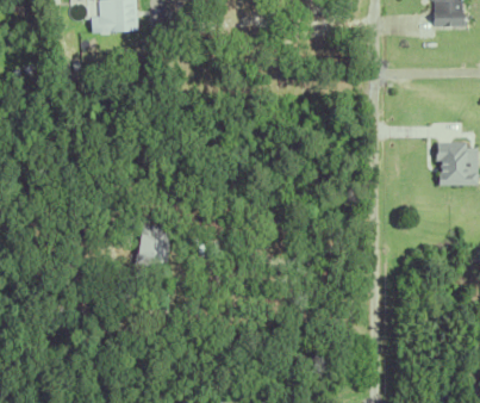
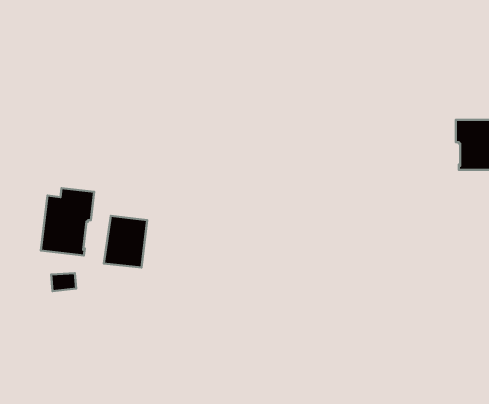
building: none -> [41,188,94,255]

